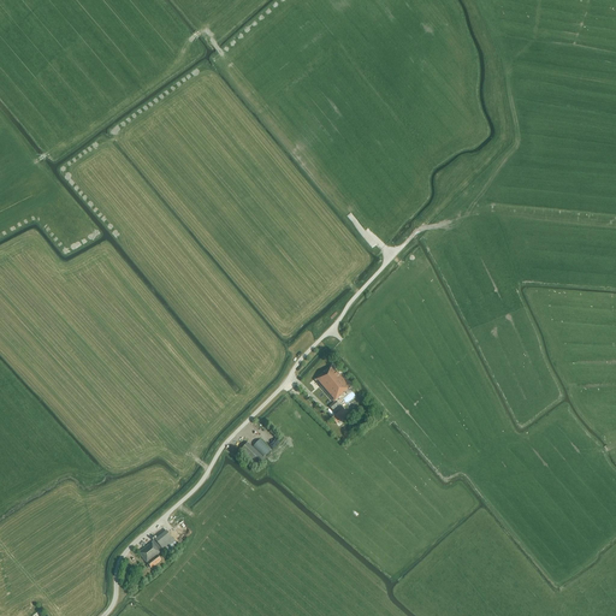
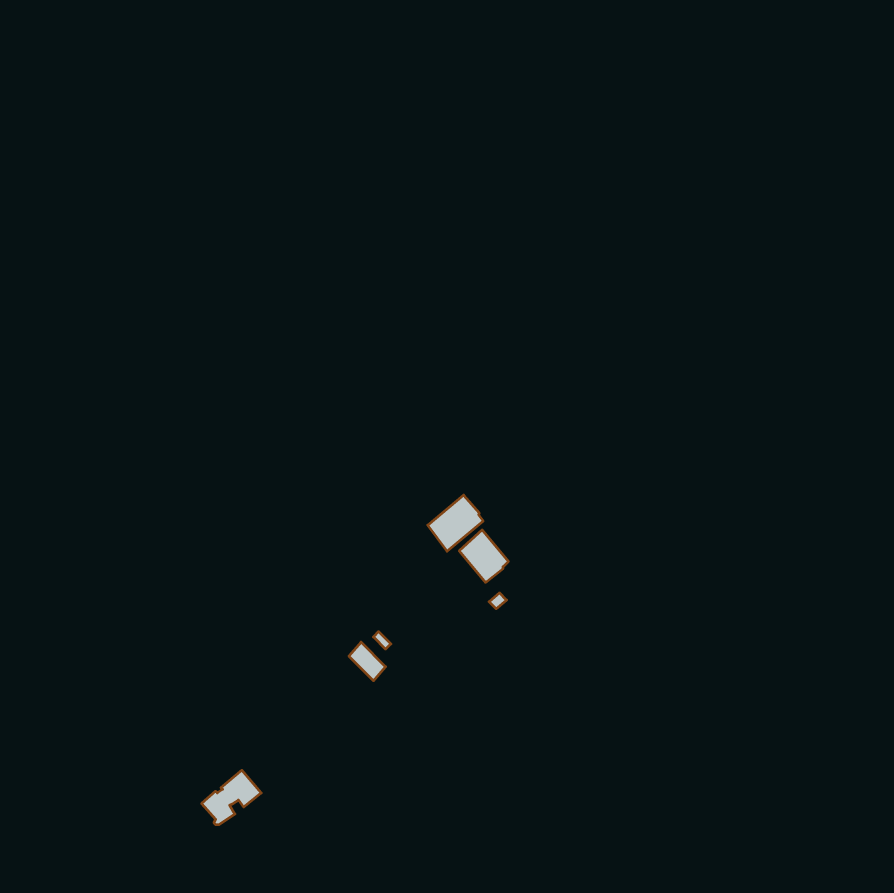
building: none -> [428,495,483,551]

